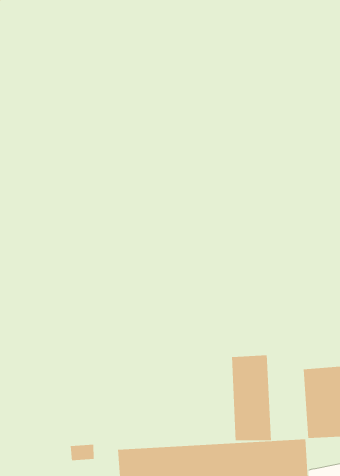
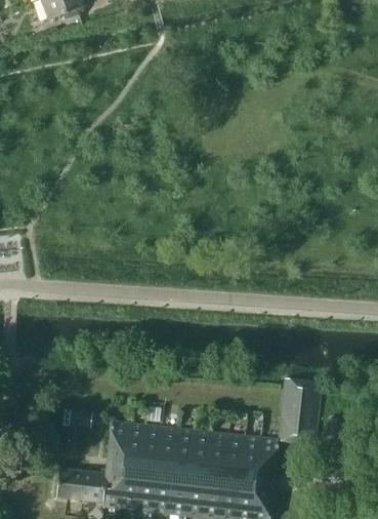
building: [232,355,272,441] -> none

